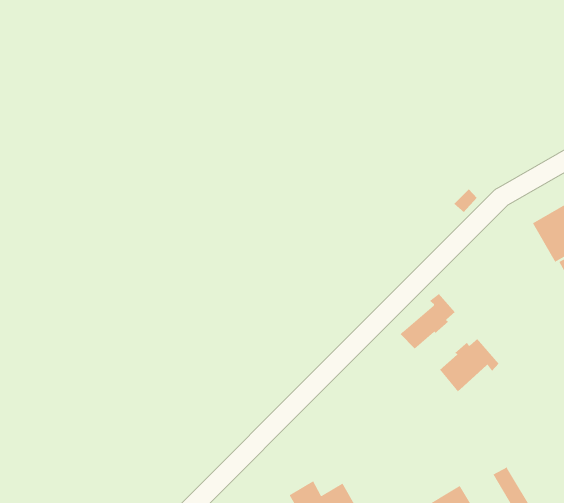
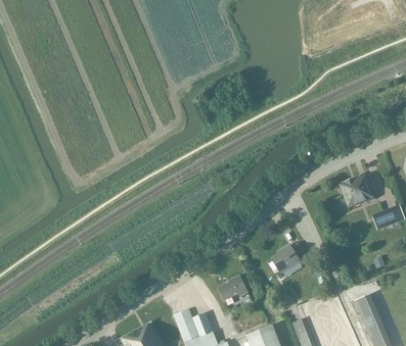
building: [400,293,456,349] -> none
building: none -> [218,276,247,300]

